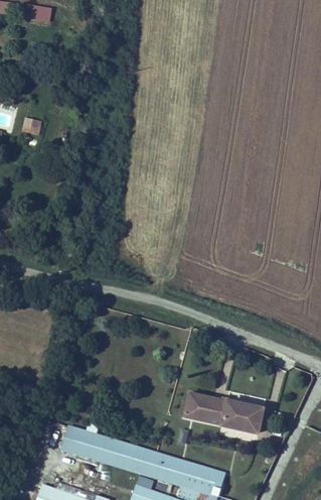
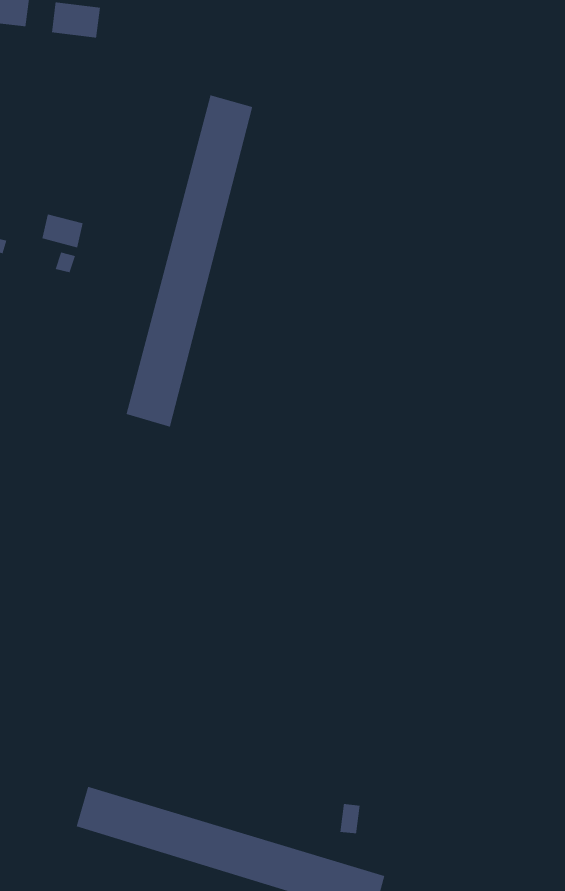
building: none -> [126,94,253,427]
building: [181,388,259,432] -> none

